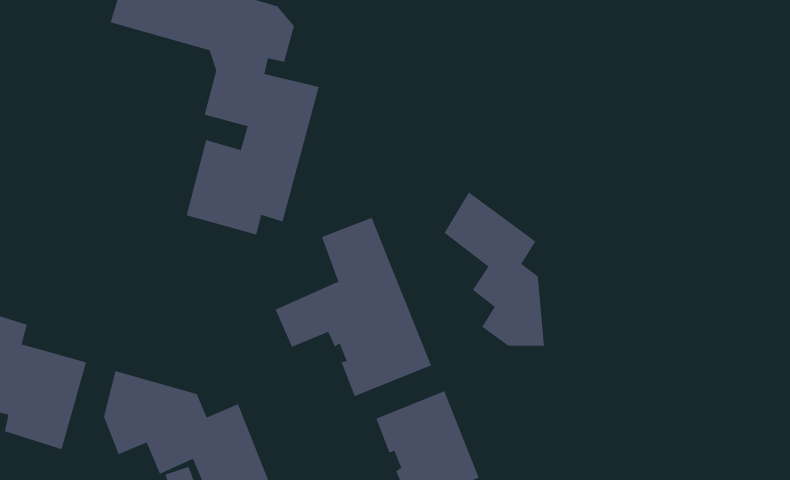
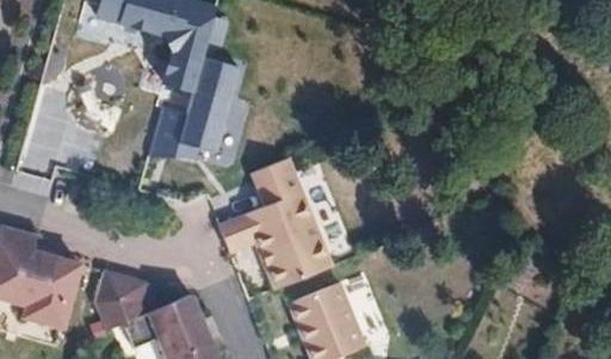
building: [444,192,545,347] -> none

